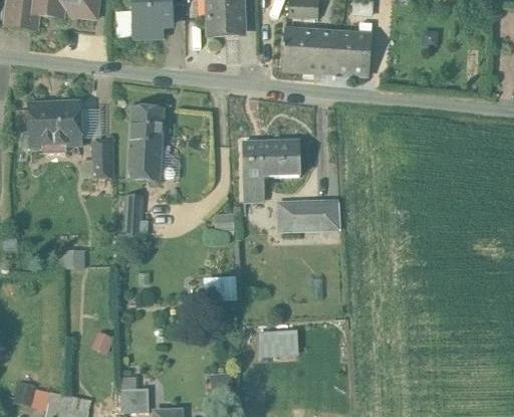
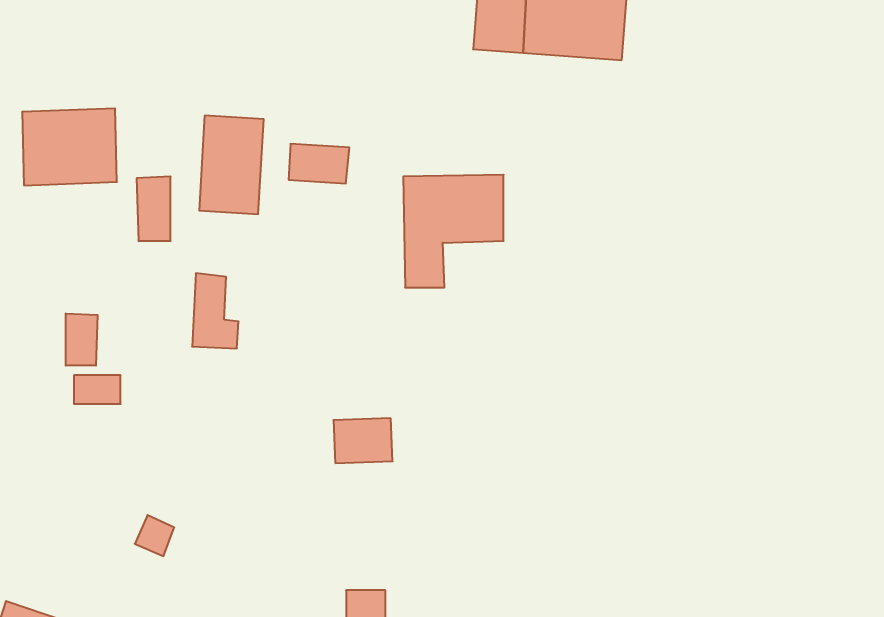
building: [127,159,162,181] -> [289,144,349,183]
building: [277,199,340,231] -> none
building: none -> [66,313,98,366]
building: [261,333,295,353] -> none

